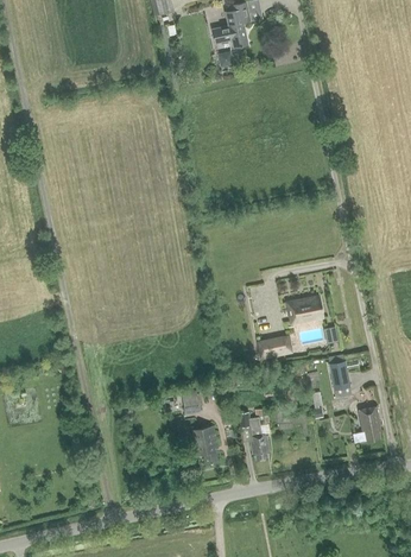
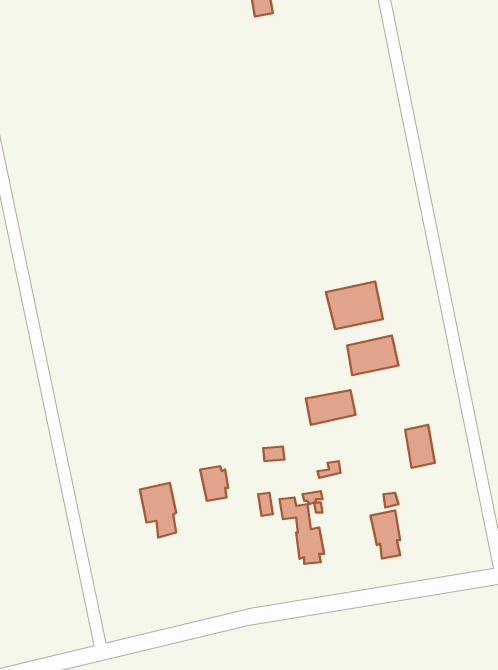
building: none -> [326,282,383,329]
building: [358,406,379,441] -> [370,511,400,559]
building: [191,426,217,466] -> [140,483,176,538]

